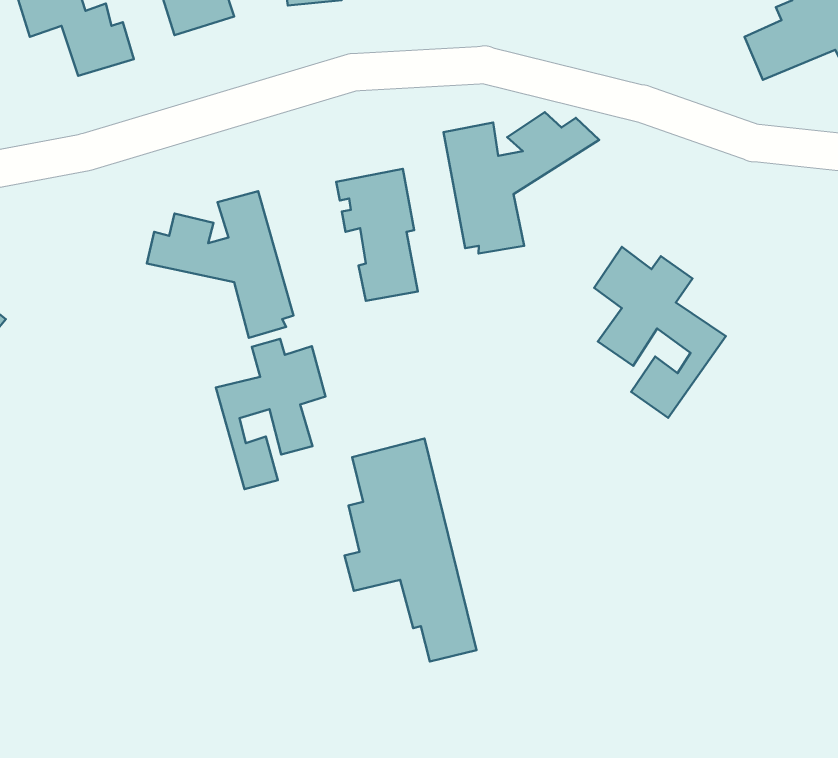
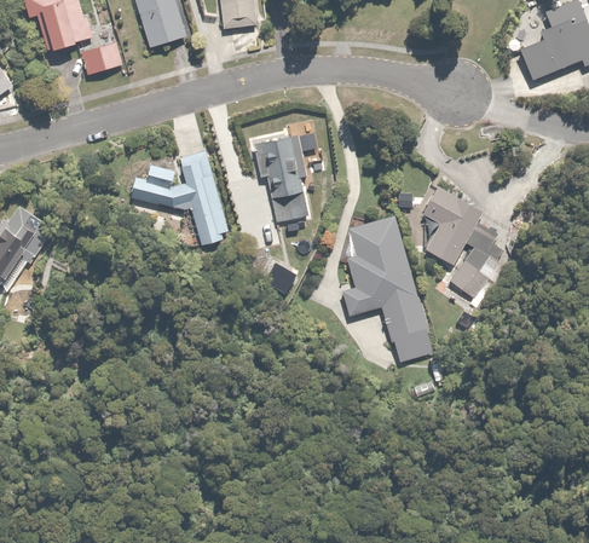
building: [444,112,599,254] -> none
building: [216,339,325,489] -> none
building: [345,439,476,661] -> [343,214,429,359]

